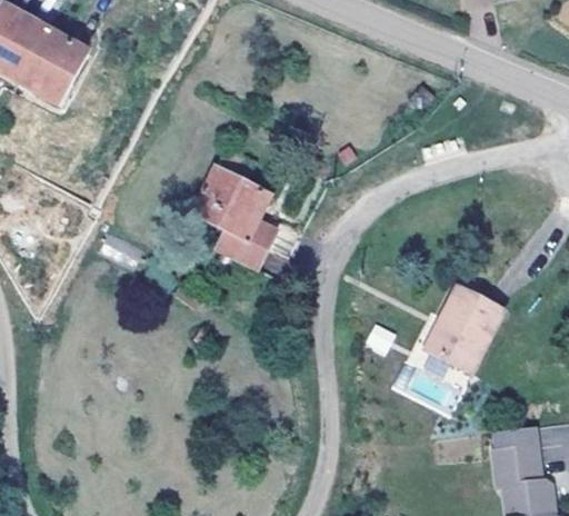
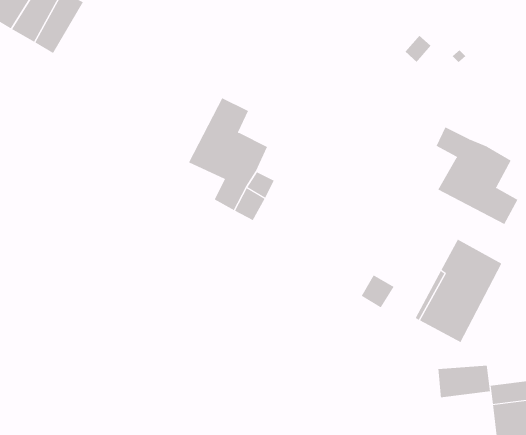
building: none -> [436,126,518,225]
building: none -> [438,365,491,398]

